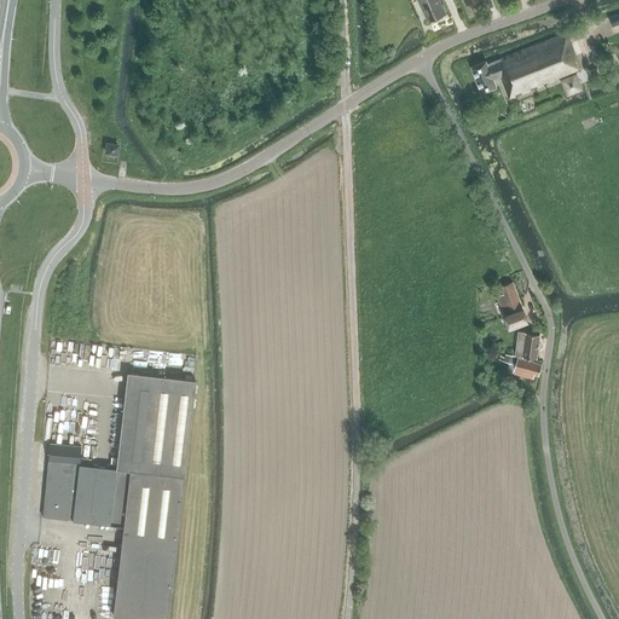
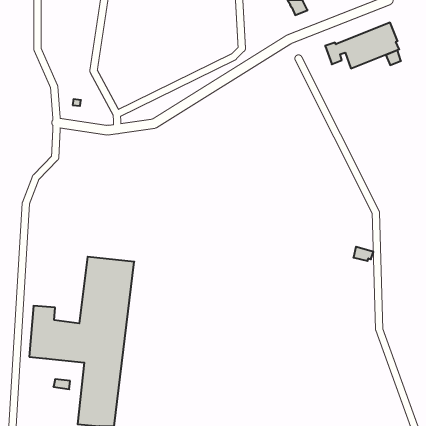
building: [497,282,527,328] -> none
building: [515,331,540,359] -> none

